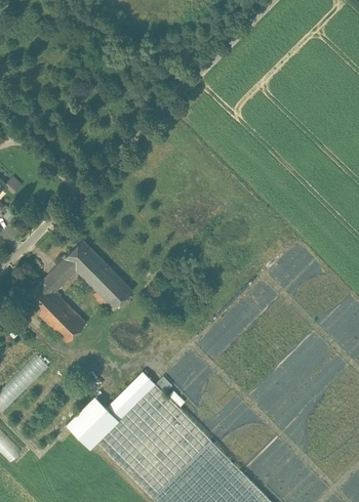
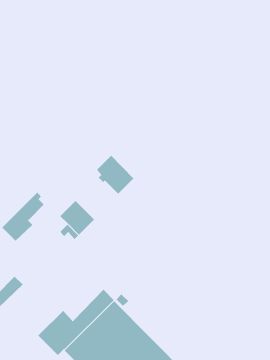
building: [66,241,110,287] -> [96,155,134,194]
building: [40,298,85,343] -> none

